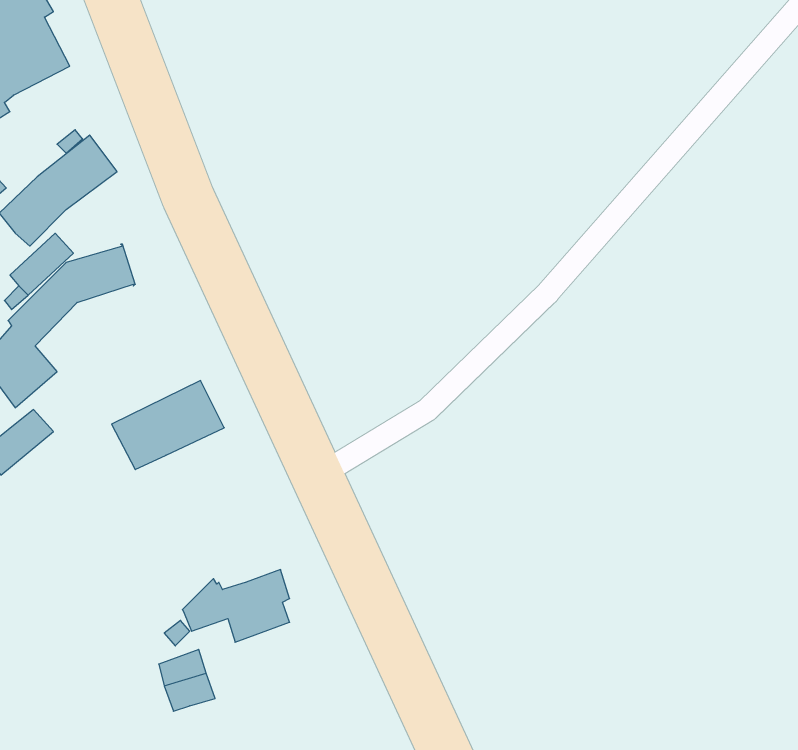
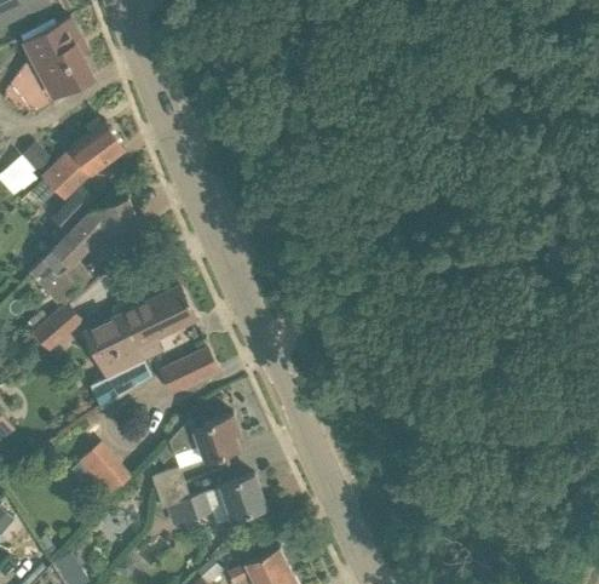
building: none -> [85,316,151,410]
building: none -> [161,349,217,393]
building: none -> [76,445,127,500]
building: none -> [221,475,265,519]
building: none -> [172,494,211,525]

